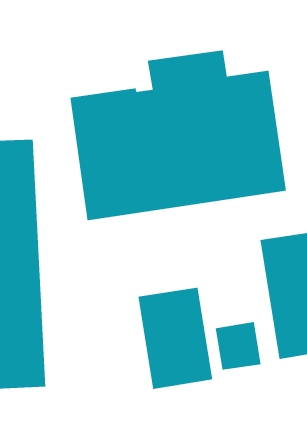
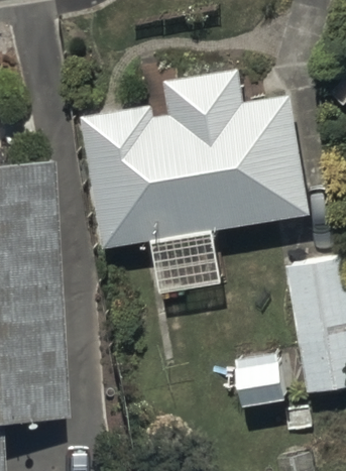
building: [138,287,213,390] -> none

